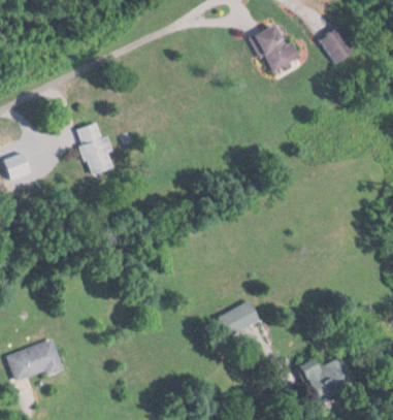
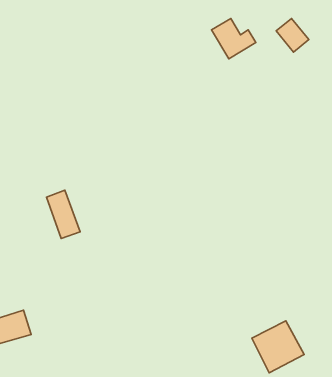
building: [75,122,111,173] -> [47,190,80,238]
building: [218,301,259,336] -> none

